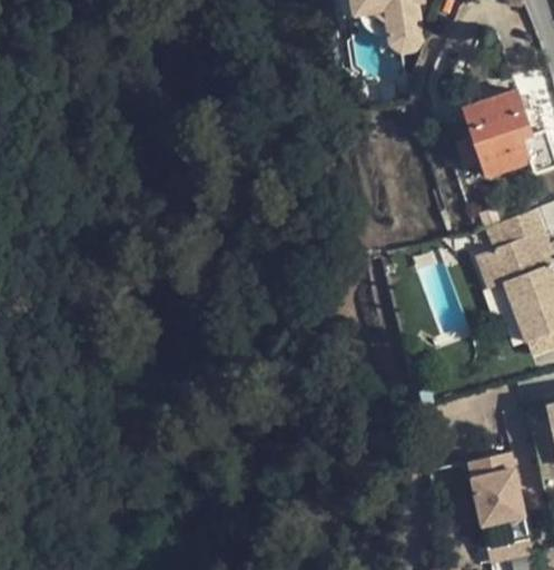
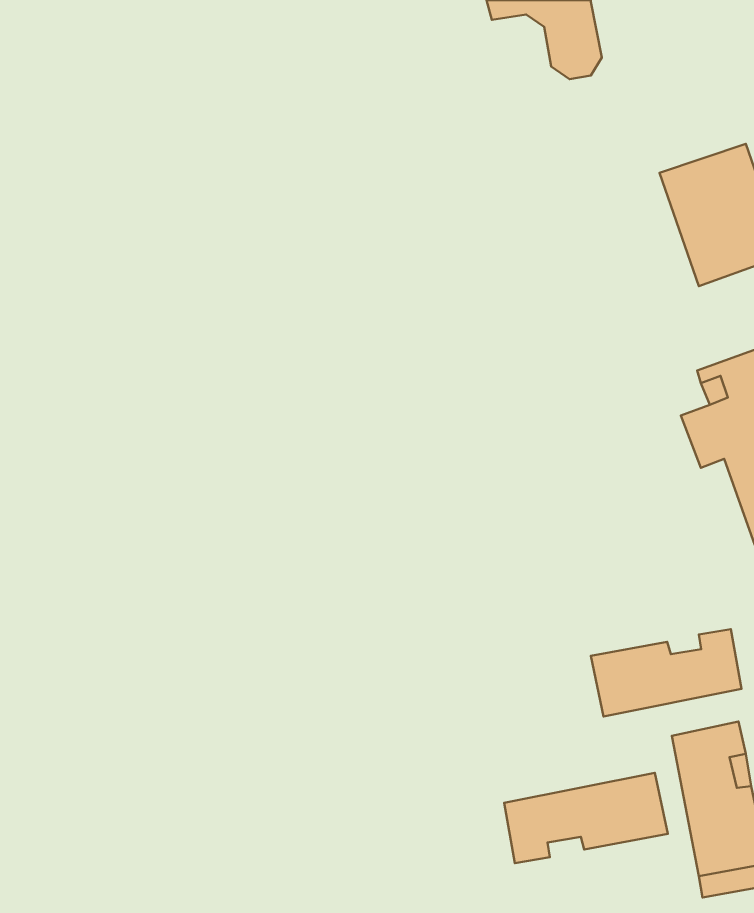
building: none -> [591,629,741,717]
building: none -> [504,773,668,863]

